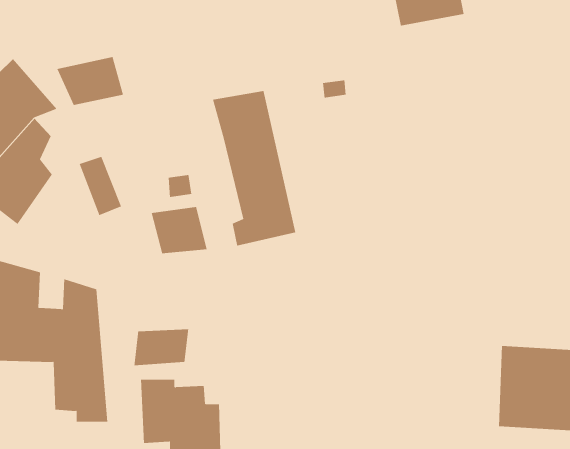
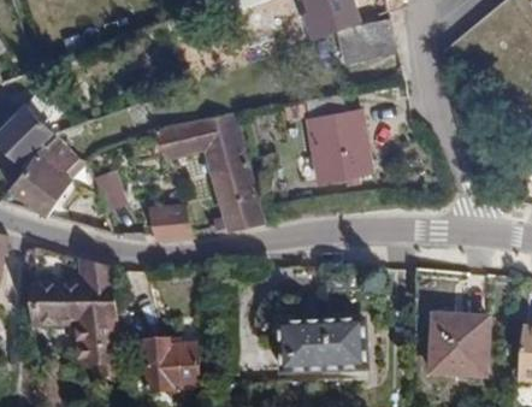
building: [56,57,124,105] -> [154,120,207,159]
building: none -> [308,95,373,183]
building: [134,328,189,366] -> none
building: none -> [273,319,363,377]

